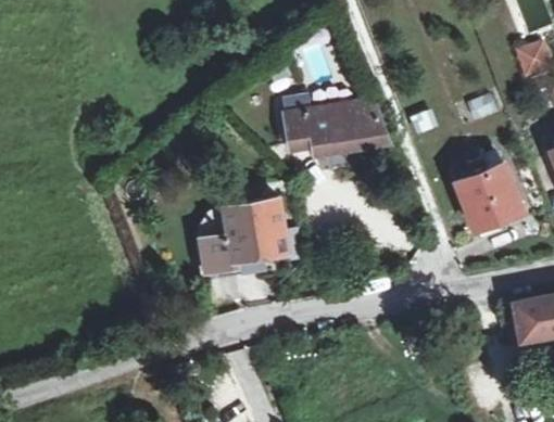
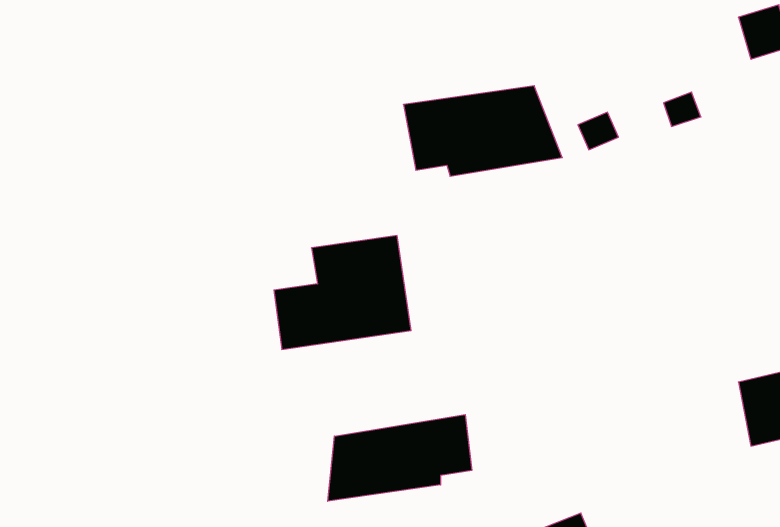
building: [454,159,531,236] -> none
building: none -> [328,415,472,501]

